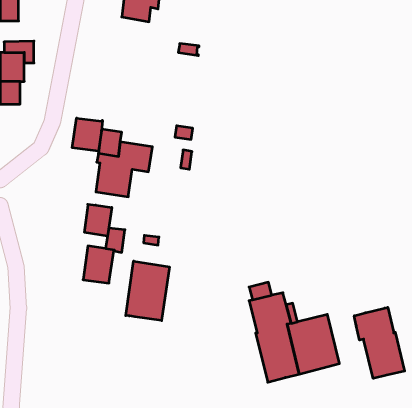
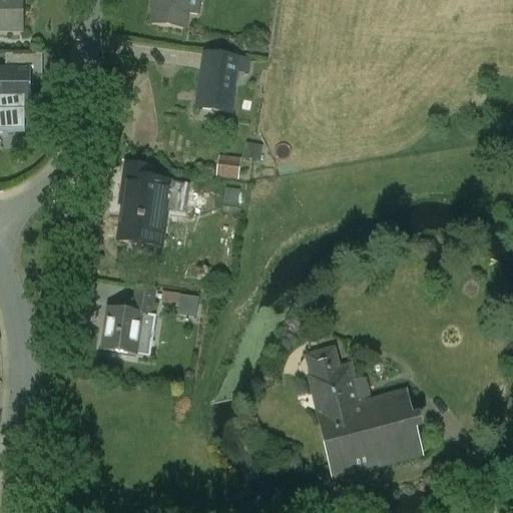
building: none -> [197,67,233,110]
building: [72,118,102,151] -> none
building: [85,204,112,236] -> none
building: [126,261,169,321] -> none
building: [354,307,405,378] -> none

